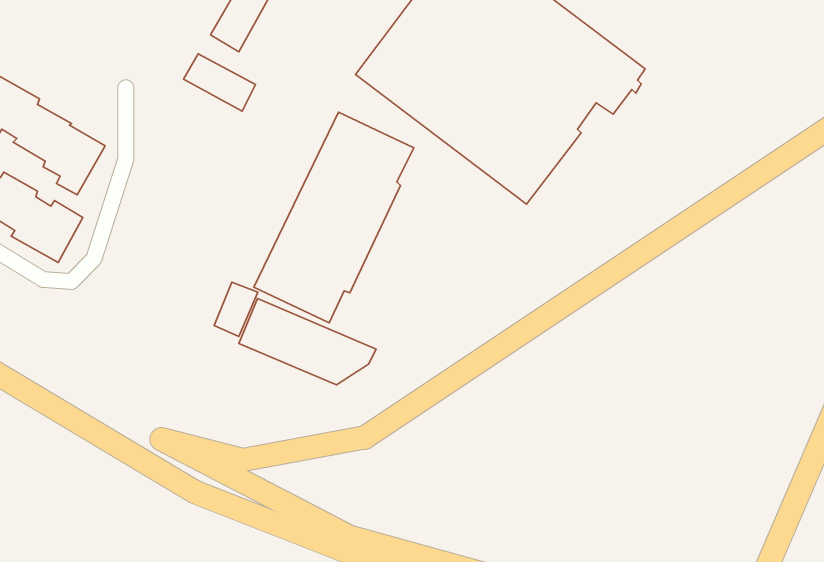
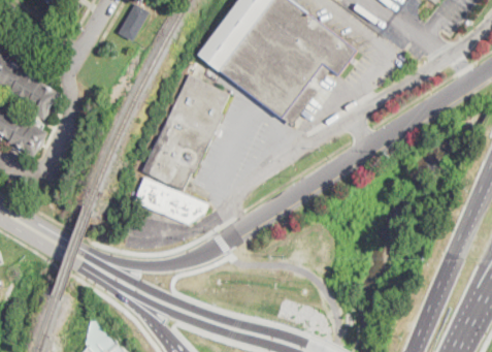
building: [184,54,255,111] -> none
building: [214,282,258,336] -> none

